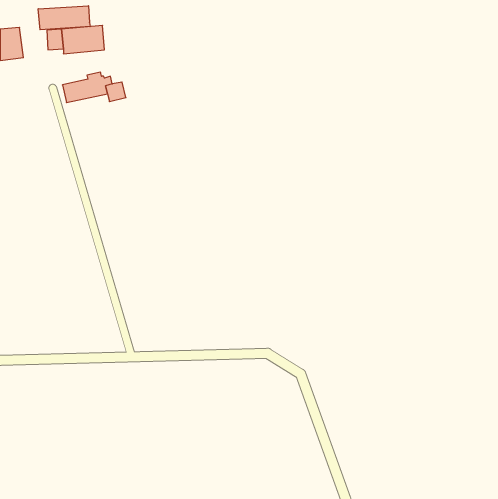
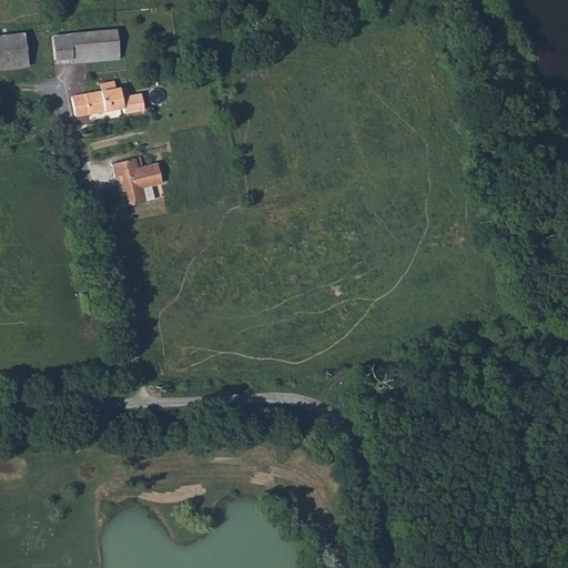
building: [38,6,90,30] -> none
building: none -> [111,158,163,207]

